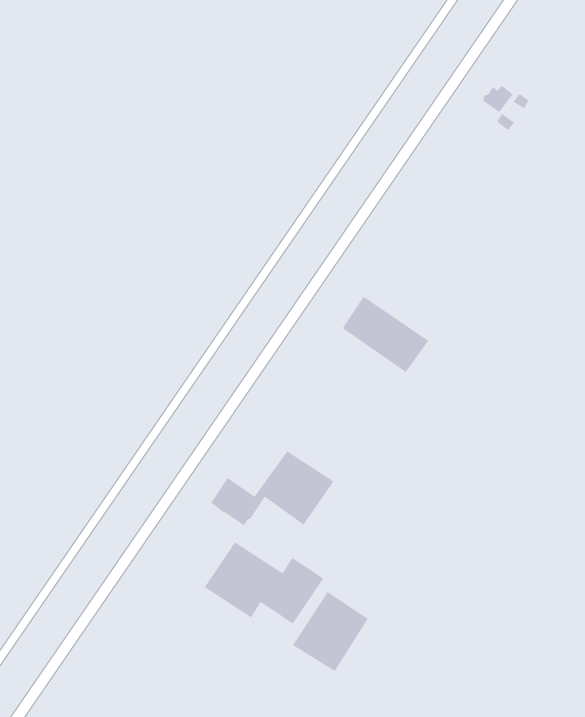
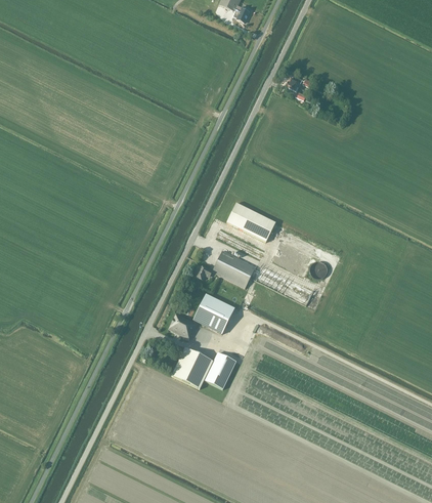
building: none -> [195,249,256,287]
building: [292,591,368,672] -> none

